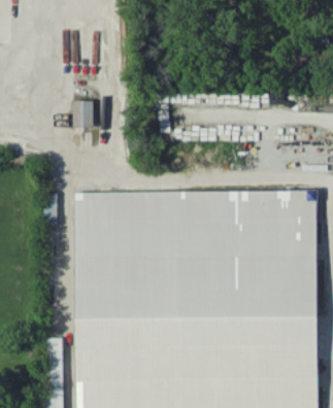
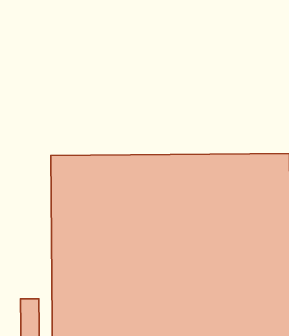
building: [70,101,91,128] -> none

